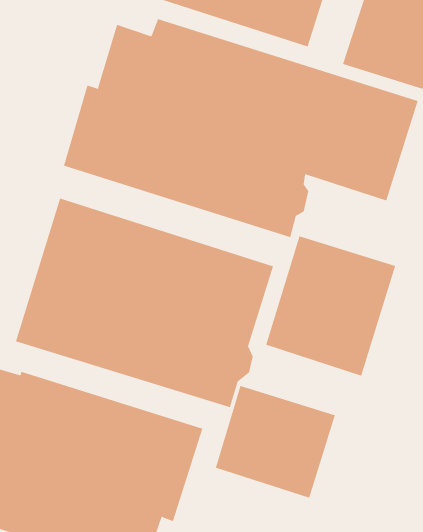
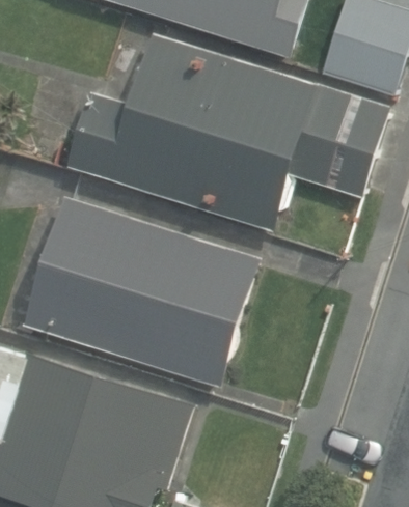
building: [266,235,396,376] -> none
building: [215,385,335,499] -> none

